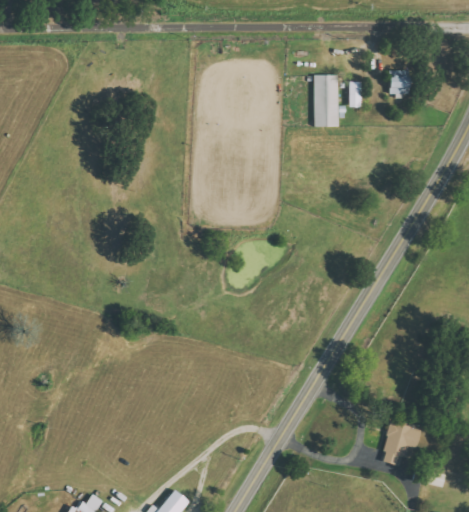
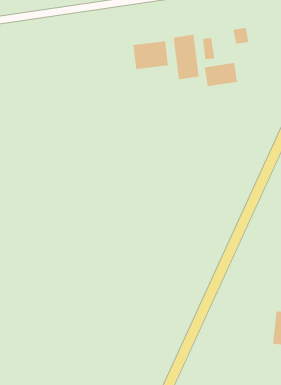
building: none -> [133,40,168,70]
building: none -> [204,62,238,87]

